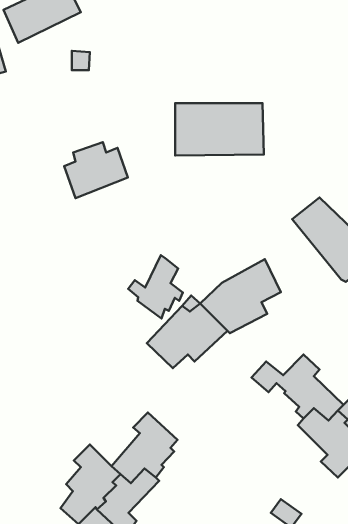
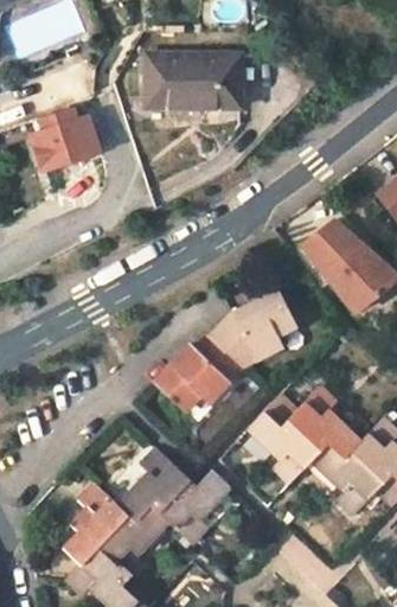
building: [175,103,264,155] -> [149,52,242,107]
building: [64,142,128,198] -> [32,108,98,166]
building: [128,255,183,318] -> none
building: none -> [248,411,318,484]
building: none -> [164,471,229,543]

